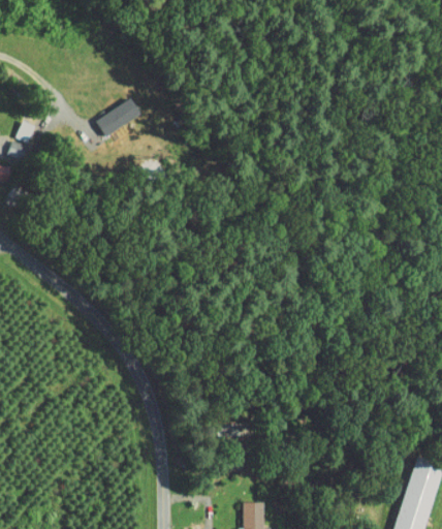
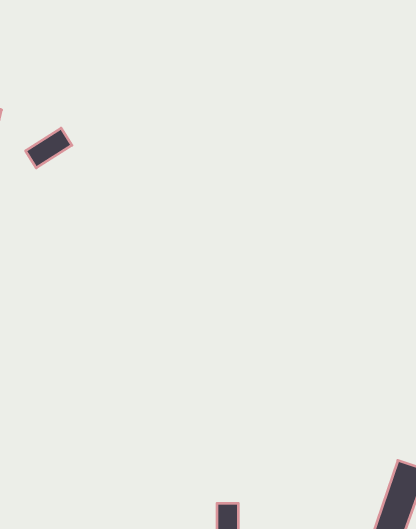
building: [94,98,138,136] -> [26,128,72,168]

